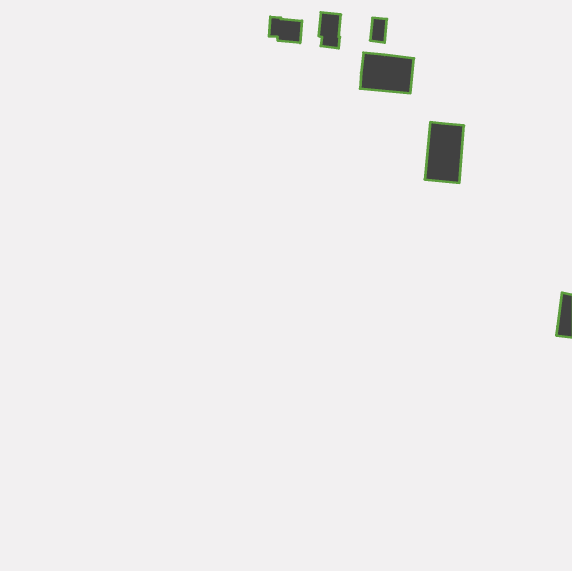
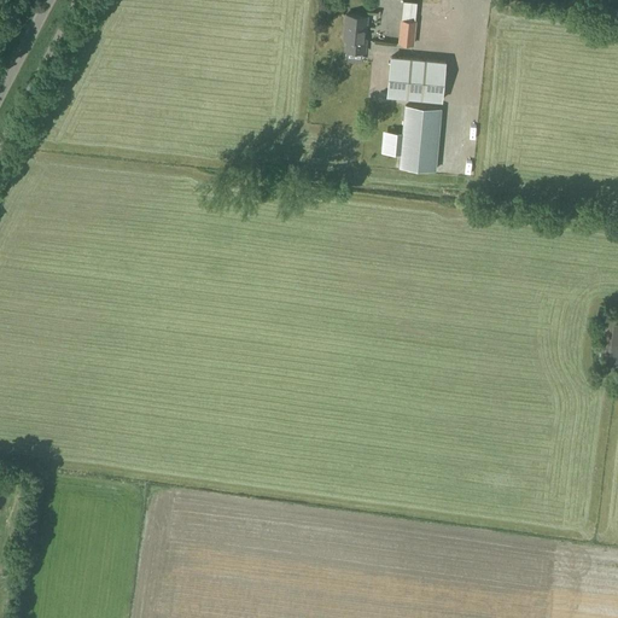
building: [269,17,302,43] -> none
building: [425,122,464,183] -> [400,107,442,173]

